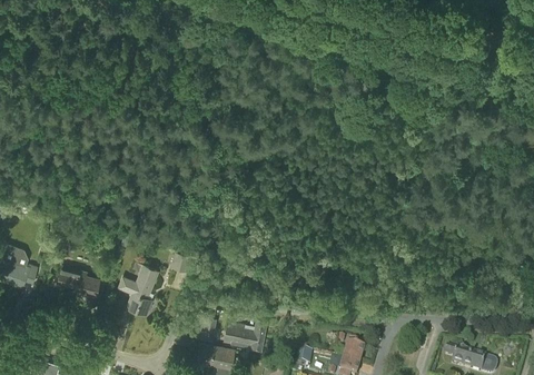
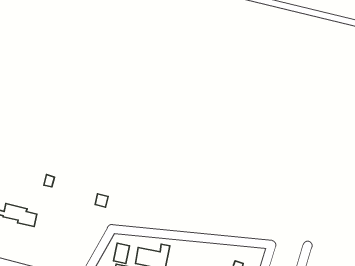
building: [119,263,157,312] -> none

